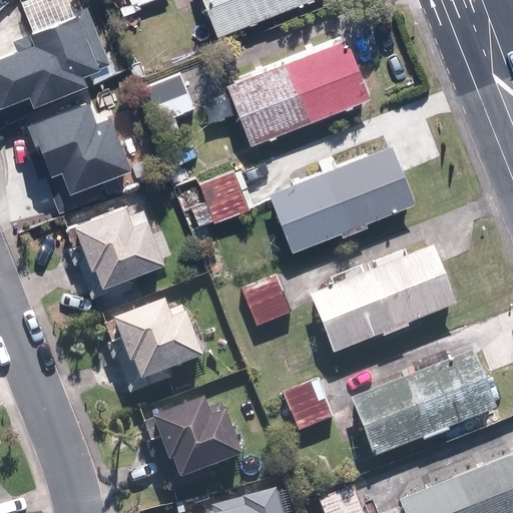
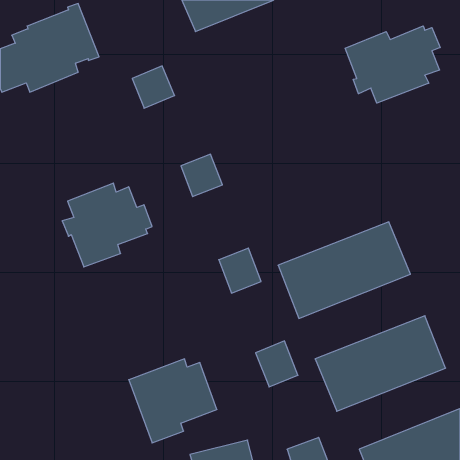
building: none -> [345,26,440,103]
building: [227,38,369,143] -> none
building: [27,98,130,212] -> none
building: [270,143,416,249] -> none
building: [111,302,202,395] -> none

